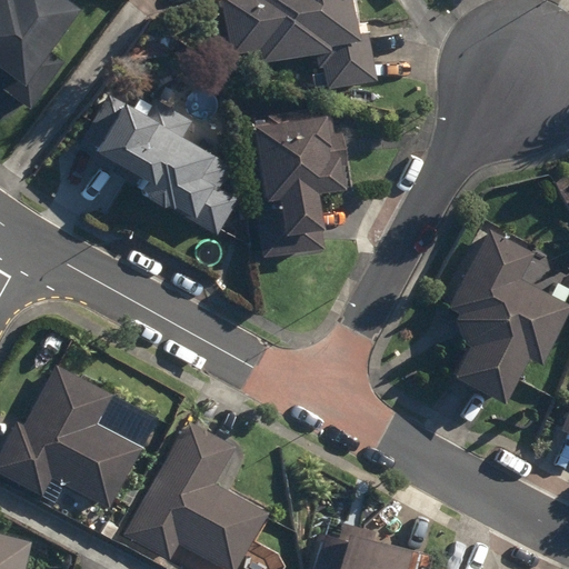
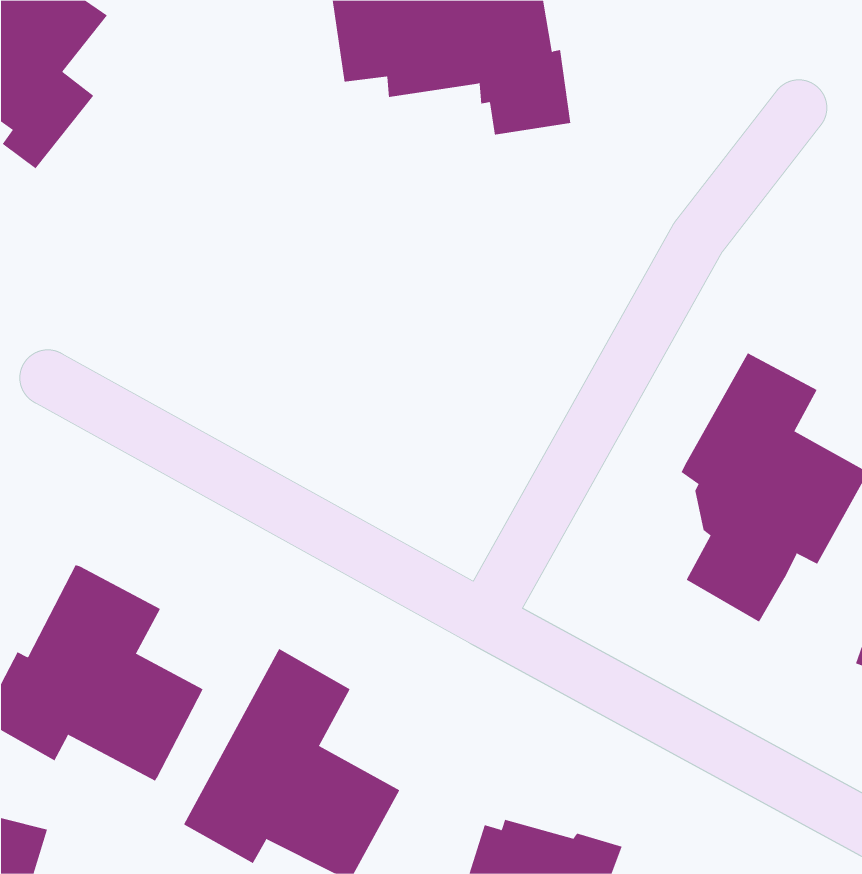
building: [78,94,236,234] -> none
building: [244,107,349,257] -> none

